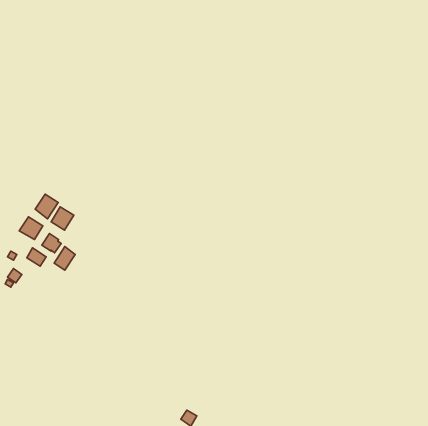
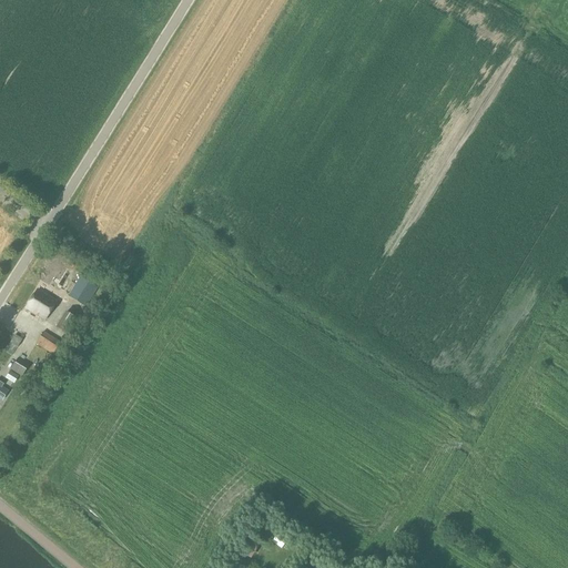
building: [35,194,58,219] -> none
building: [54,246,75,270] -> none

